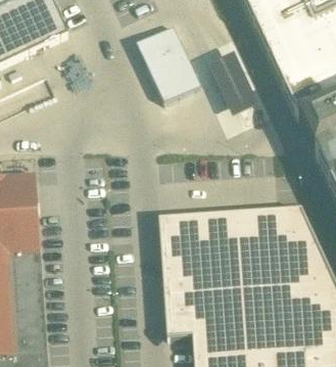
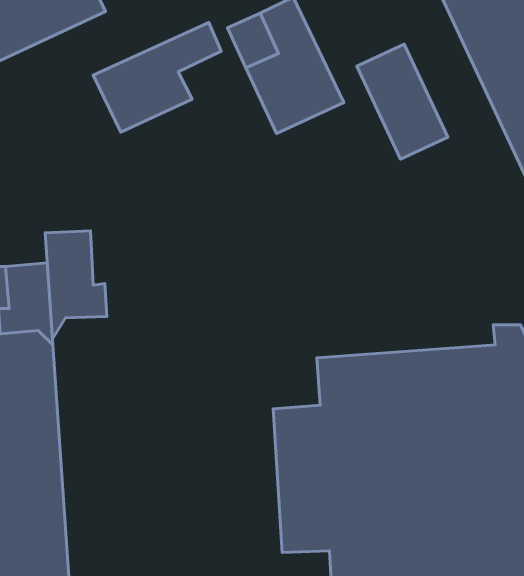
building: none -> [93,22,221,132]
building: none -> [45,231,107,339]
building: [158,205,286,253] -> none

